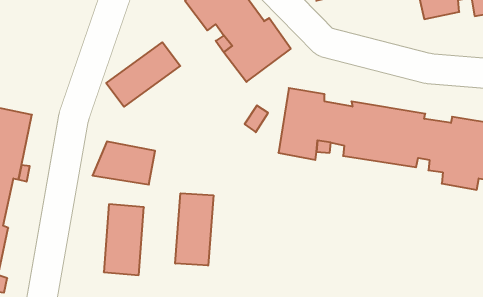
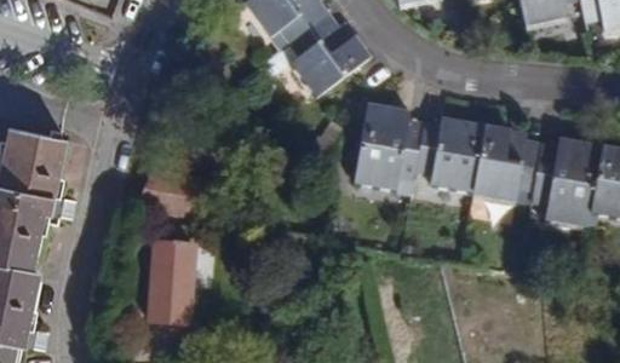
building: [106,42,180,107] -> none
building: [175,193,213,266] -> none

